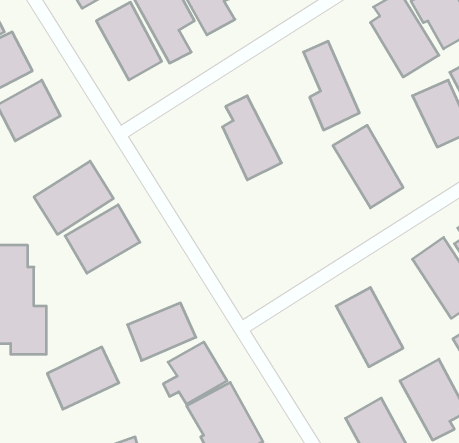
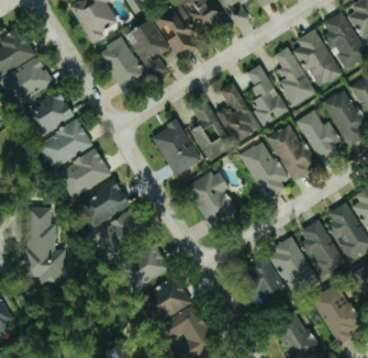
building: none -> [274,45,312,101]
building: none -> [216,81,259,143]
building: none -> [297,111,343,161]
building: none -> [40,119,93,167]
building: none -> [153,120,199,175]
building: none -> [241,139,287,197]
building: none -> [186,168,241,227]
building: none -> [300,219,345,275]
building: none -> [244,250,288,302]
building: [47,347,119,409] -> [96,211,146,255]

